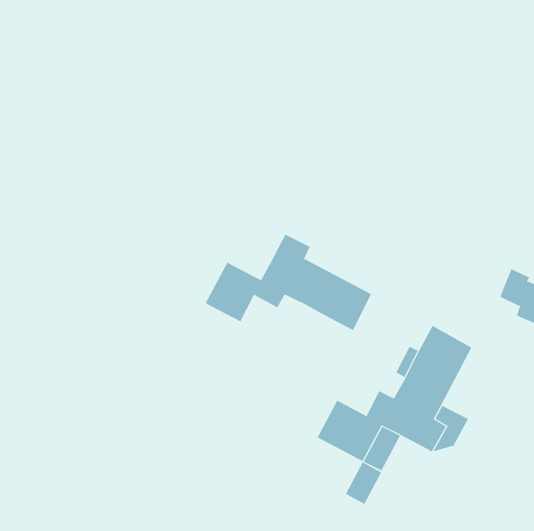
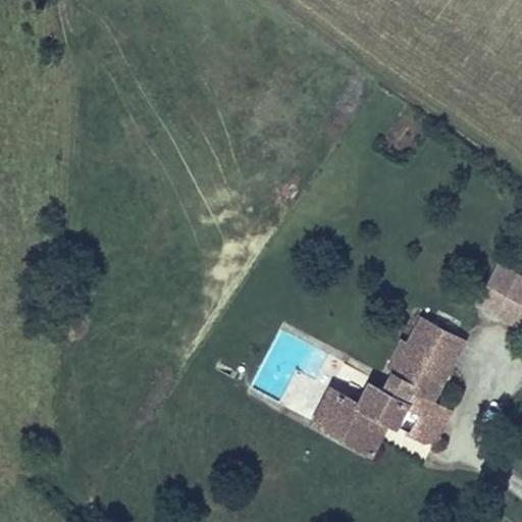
building: [205,234,372,331] -> none
building: [345,461,382,505] -> none

